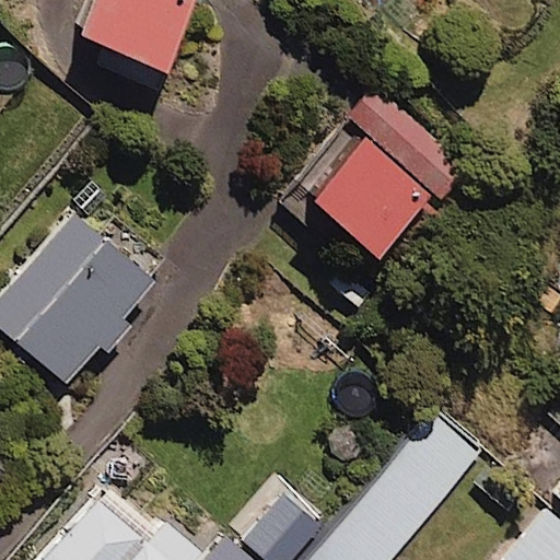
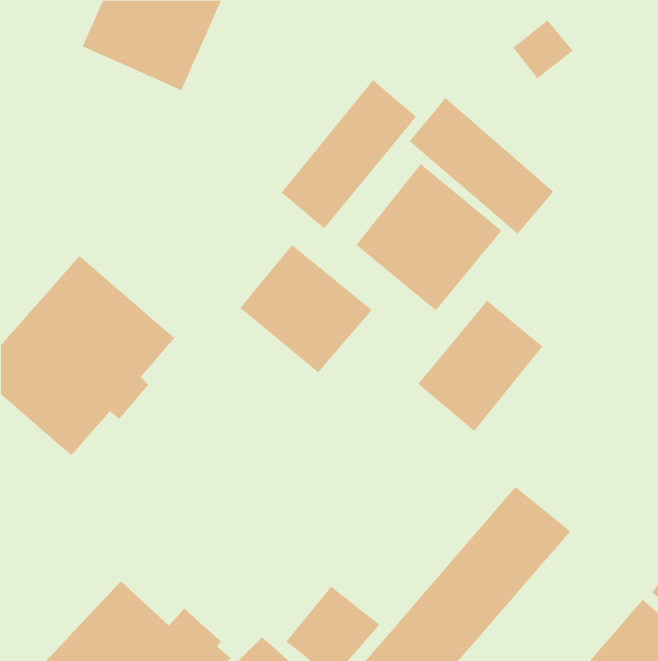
building: none -> [281,79,417,229]
building: none -> [239,244,373,373]
building: none -> [418,300,543,432]

